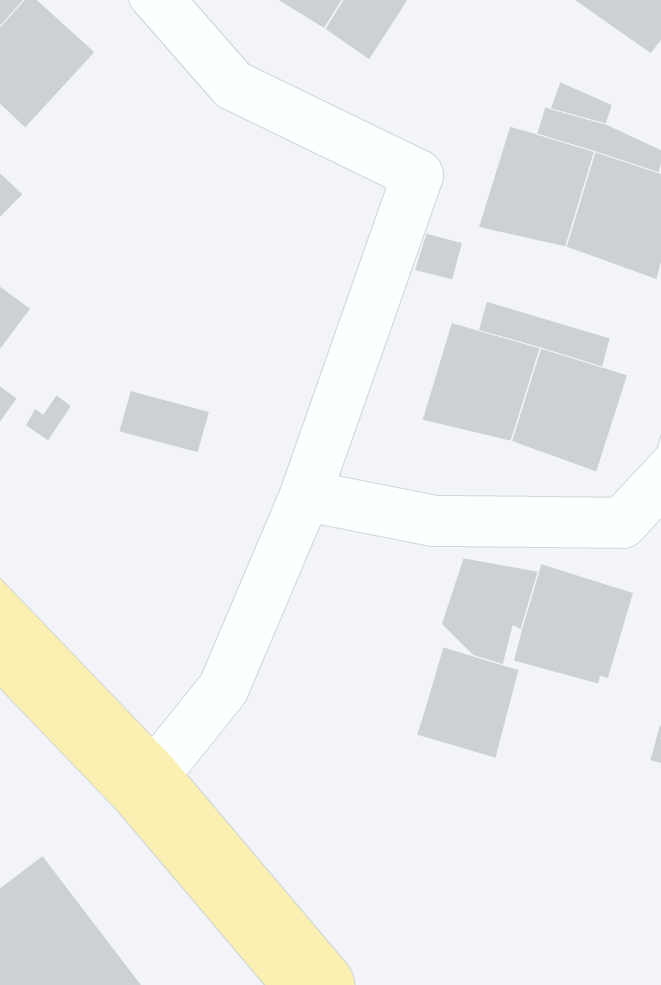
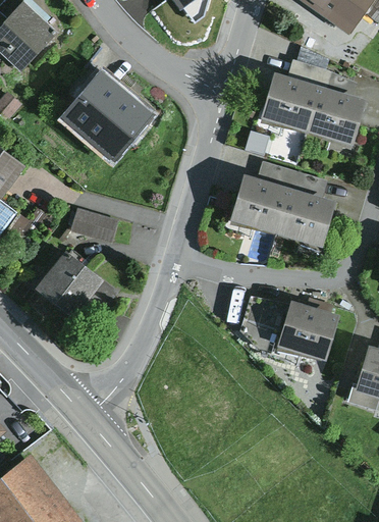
building: none -> [67,74,150,156]
building: none -> [36,250,119,330]
building: [417,646,519,758] -> none

